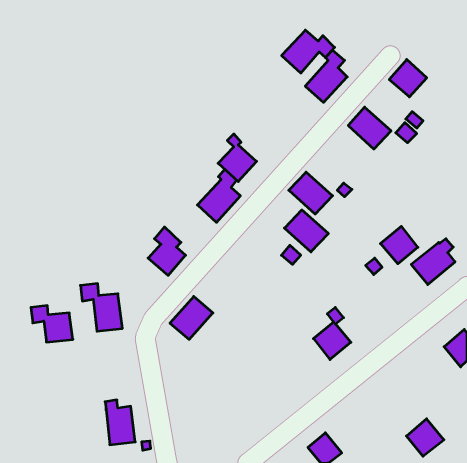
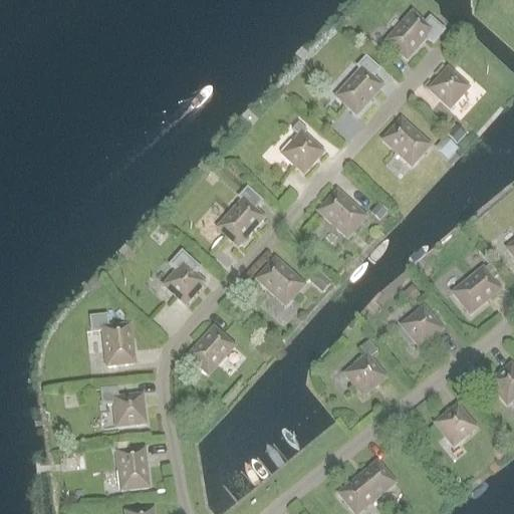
building: [282,30,335,73] -> [386,10,444,57]
building: [218,134,257,182] -> [281,119,323,172]
building: [284,210,328,252] -> [256,257,304,303]
building: [380,226,418,264] -> [401,304,442,345]
building: [31,306,73,342] -> [99,384,146,425]
building: [406,419,444,456] -> [435,403,476,444]
building: none -> [357,460,395,497]

